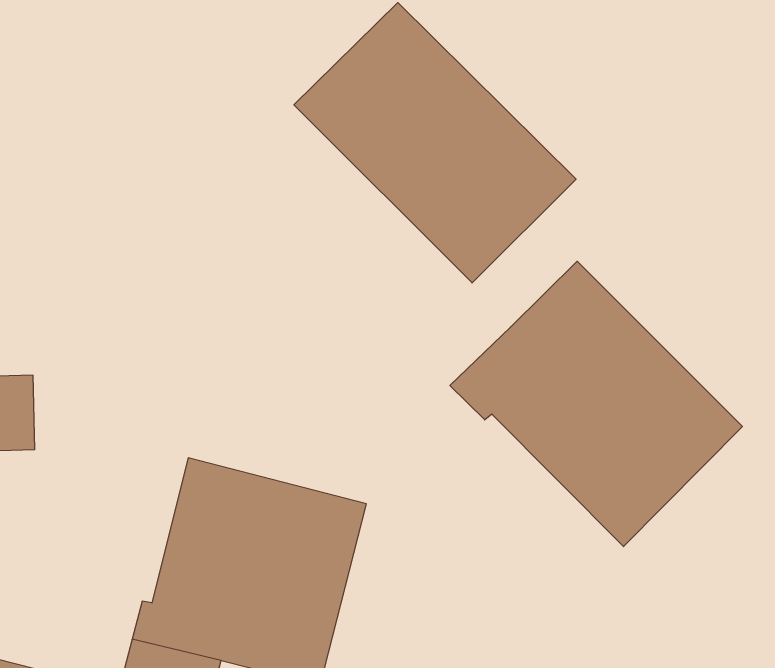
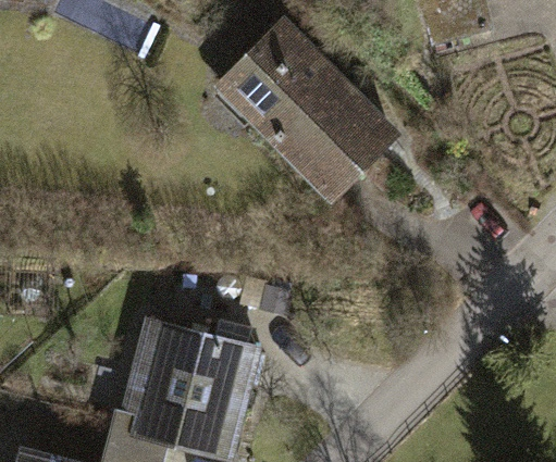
building: [450,261,742,547] -> none

